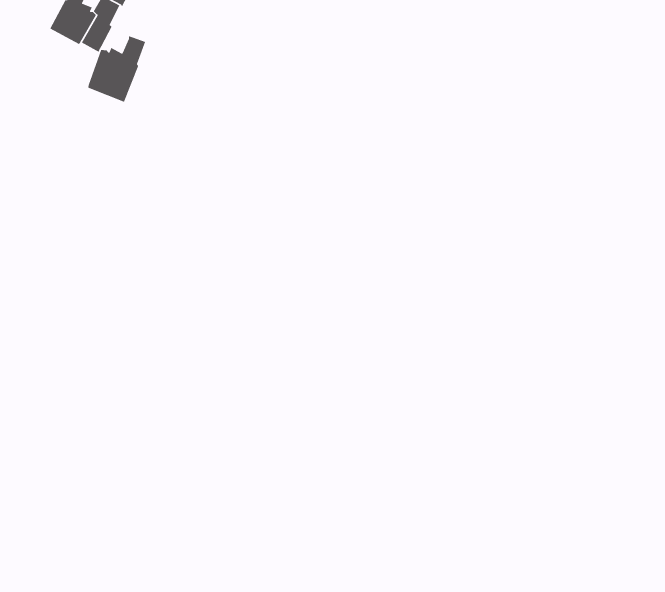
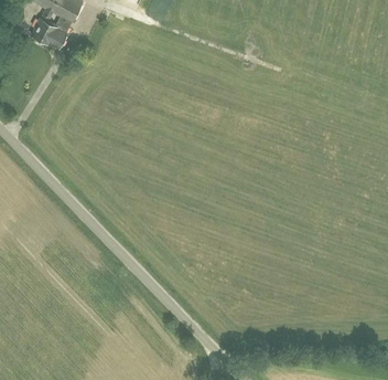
building: [87,35,146,103] -> none

